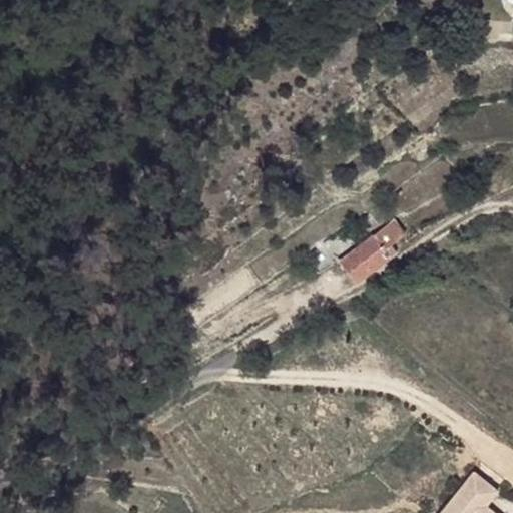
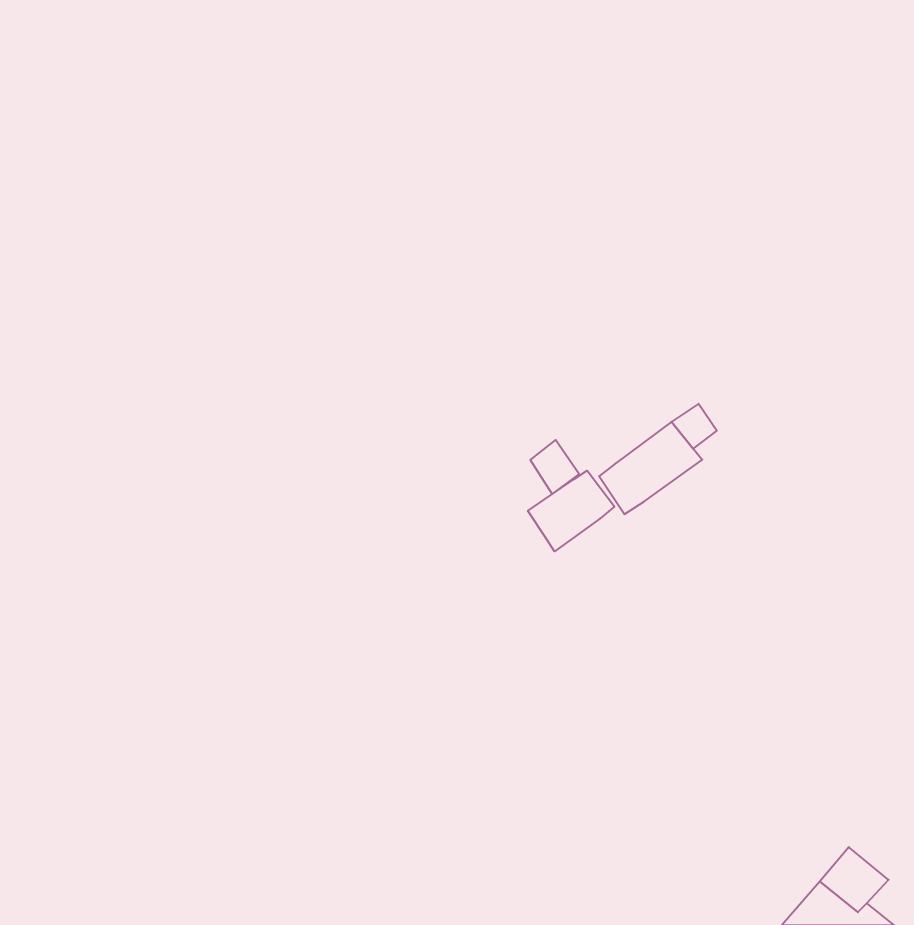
building: none -> [528,471,614,551]

